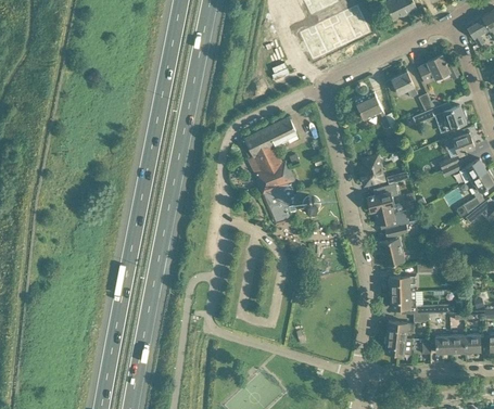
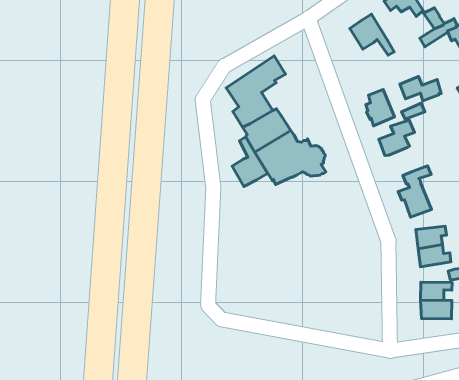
building: none -> [232,137,268,186]
building: [375,207,408,228] -> [400,77,441,101]

